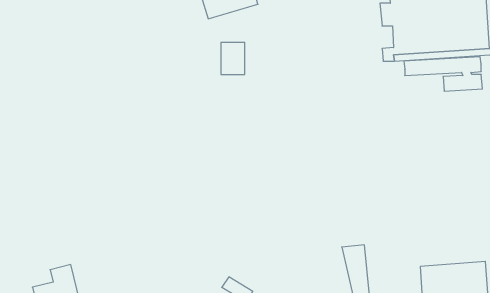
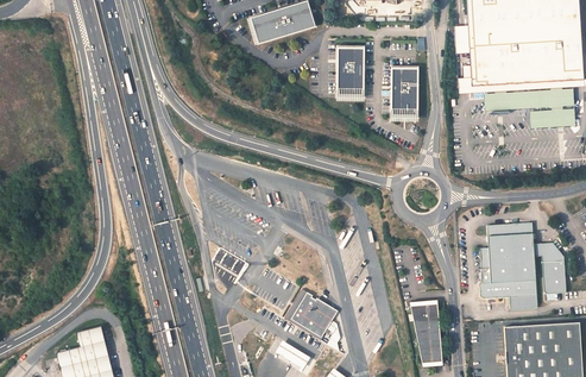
building: none -> [392,65,420,102]
building: [221,42,245,74] -> [338,45,365,82]
building: none -> [474,222,562,312]
building: none -> [288,291,340,341]

